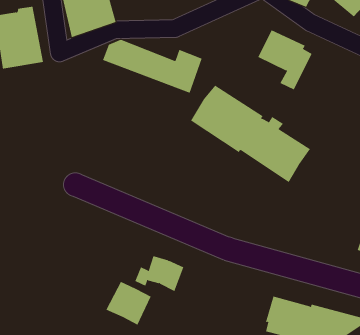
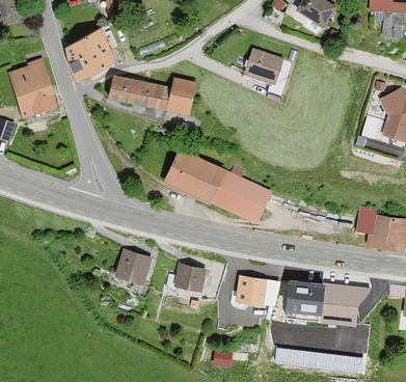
building: [190,85,311,183] -> [162,146,271,222]
building: none -> [235,274,277,303]
building: [106,281,152,325] -> [113,247,152,283]

